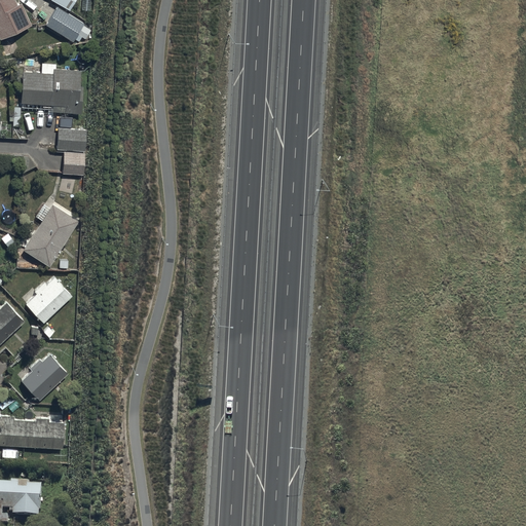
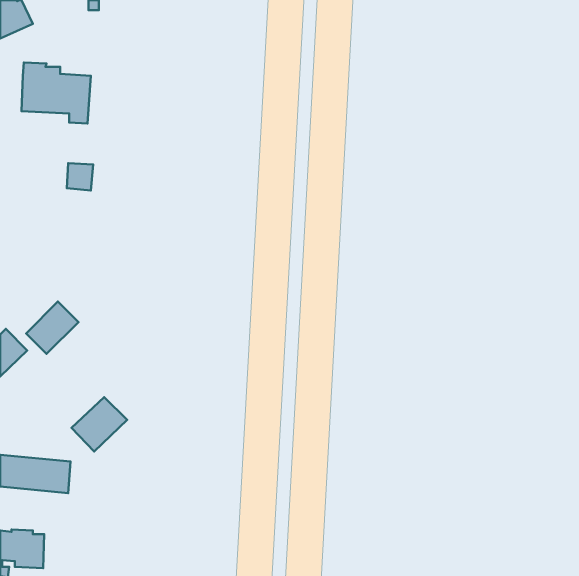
building: [45,7,91,42] -> none
building: [55,127,87,152] -> none
building: [22,202,77,265] -> none
building: [17,352,68,402] -> [71,397,127,452]

